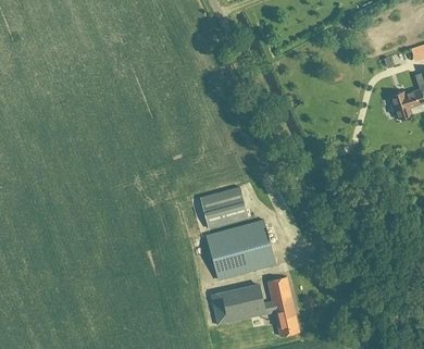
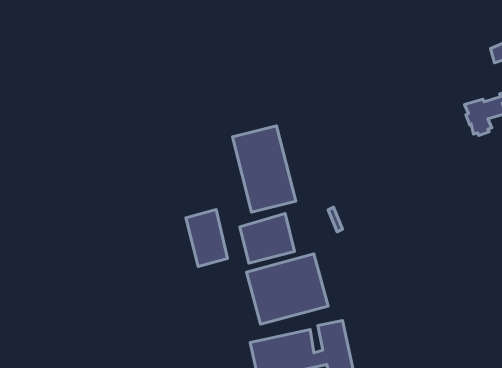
building: none -> [232,126,296,212]
building: none -> [186,210,228,266]

